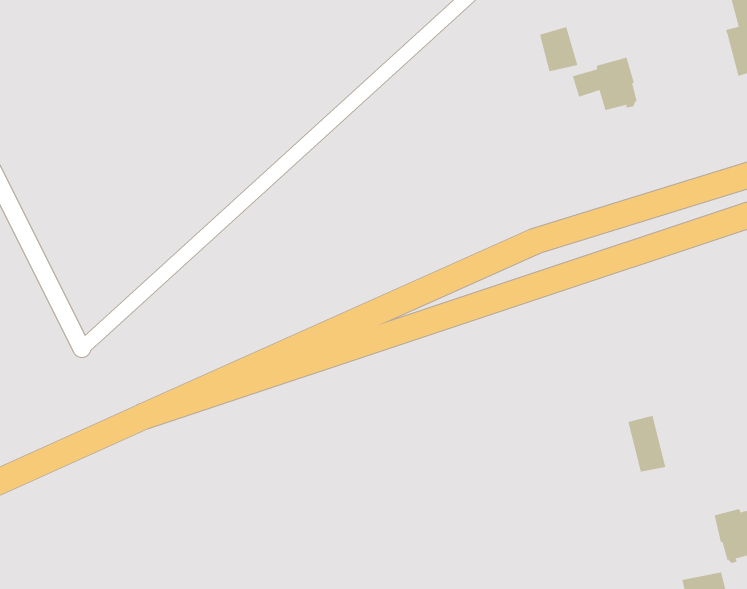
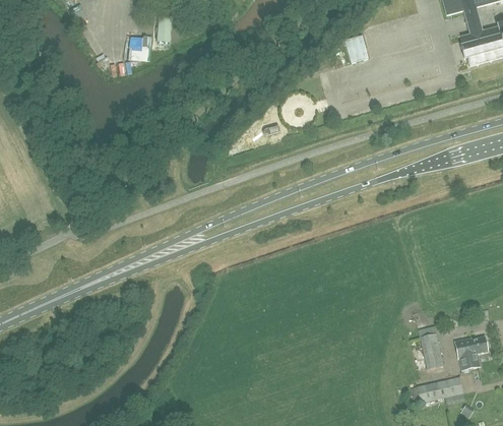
building: [572,57,637,111] -> none
building: [627,415,666,472] -> [420,332,444,368]

